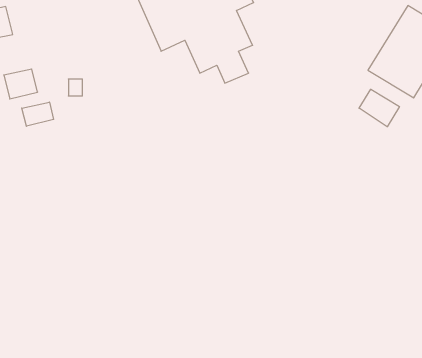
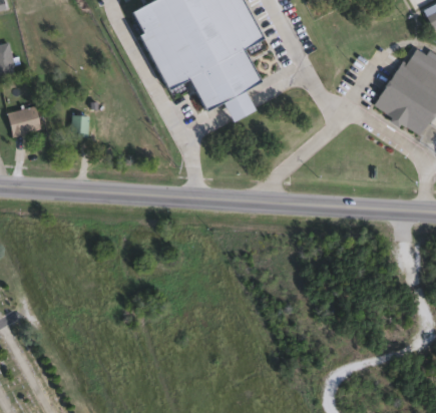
building: [359,89,399,127] -> none
building: [22,102,54,126] -> none

